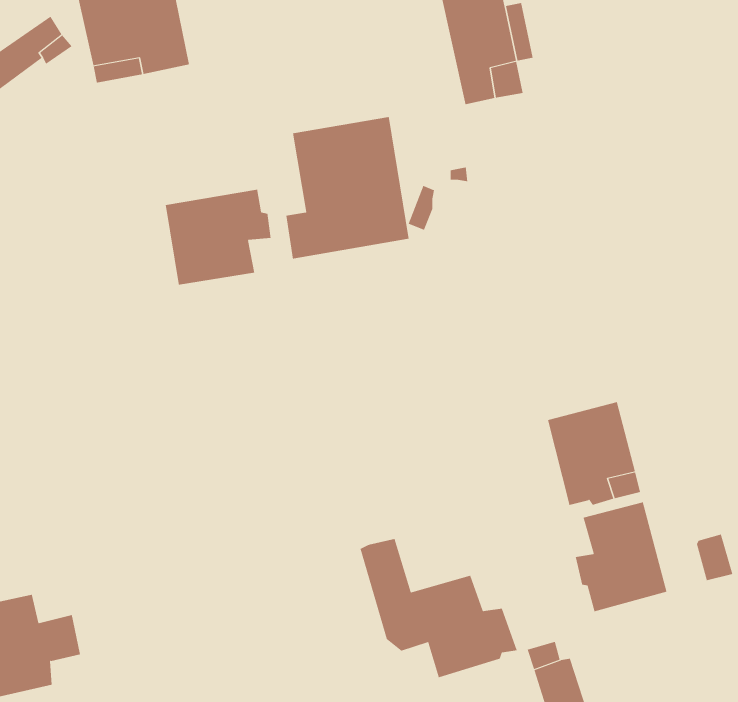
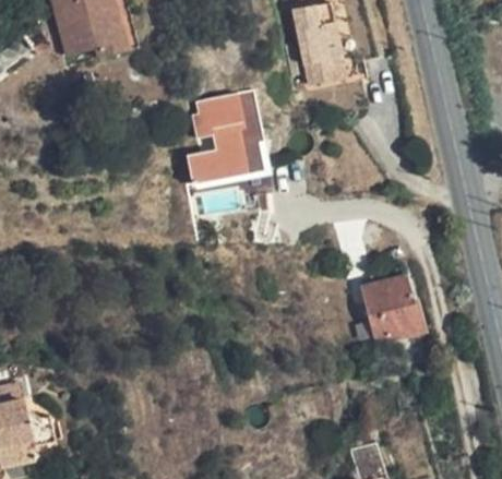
building: [165,189,271,286] -> none
building: [575,501,667,612] -> none
building: [360,538,518,678] -> none

